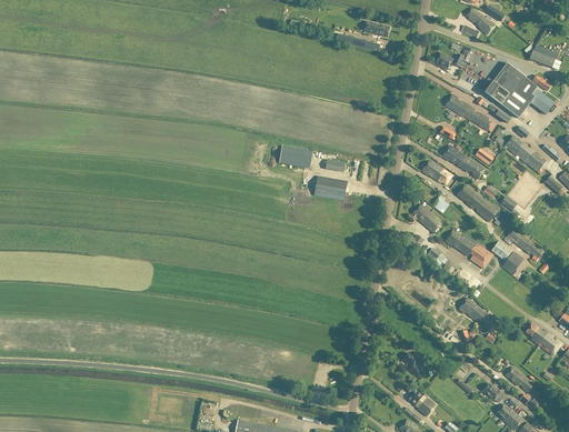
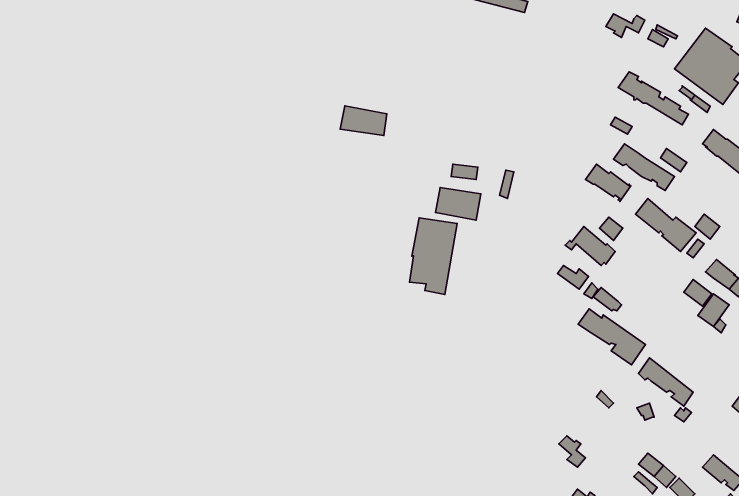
building: [278,145,311,167] -> [340,106,387,136]
building: none -> [410,218,457,295]
building: [445,229,492,269] -> [578,309,645,365]

